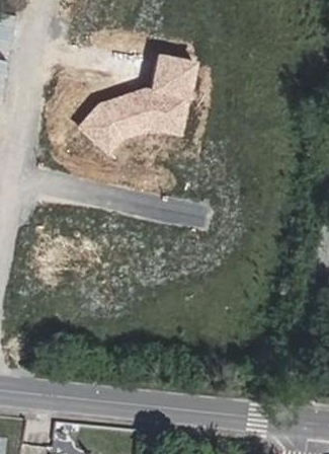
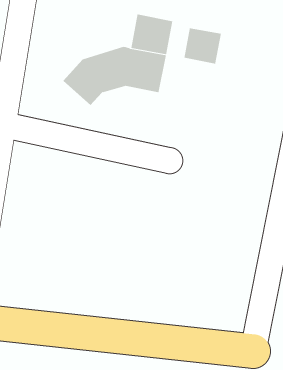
building: none -> [184,28,222,65]

